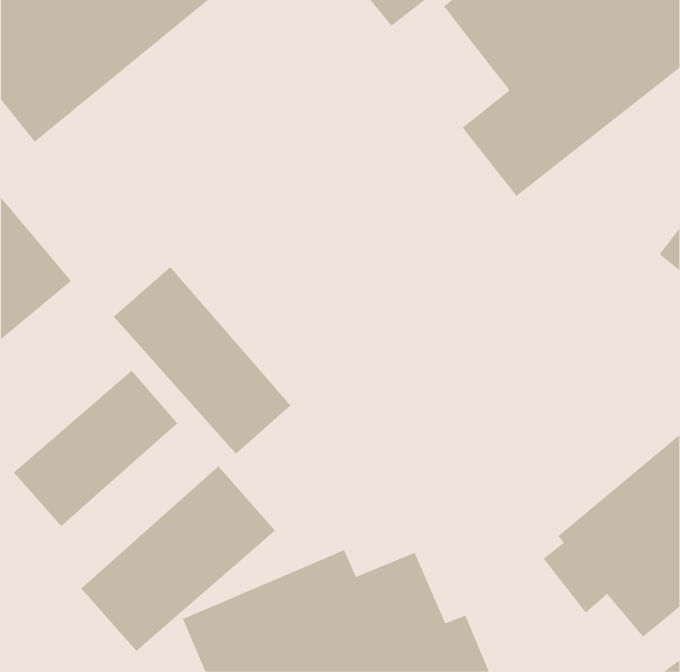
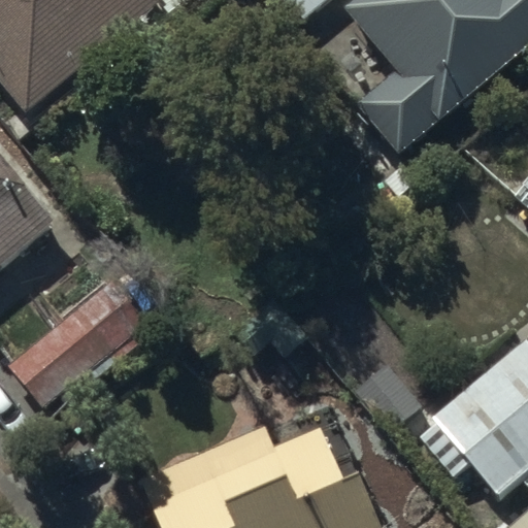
building: [113,266,291,455] -> none
building: [81,466,276,652] -> none

